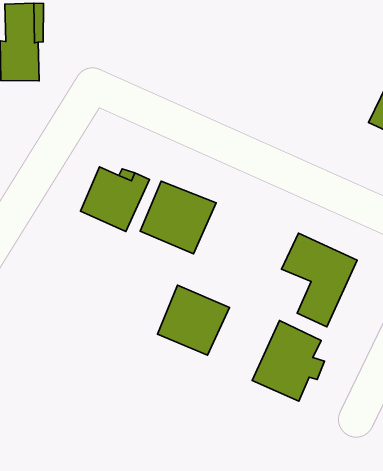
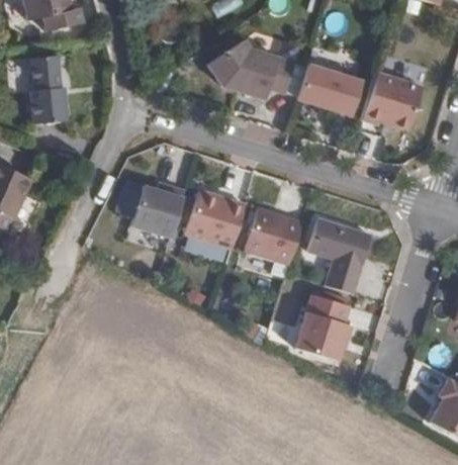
building: none -> [207,37,294,97]
building: none -> [296,62,362,113]
building: [158,285,230,355] -> [242,208,299,264]

